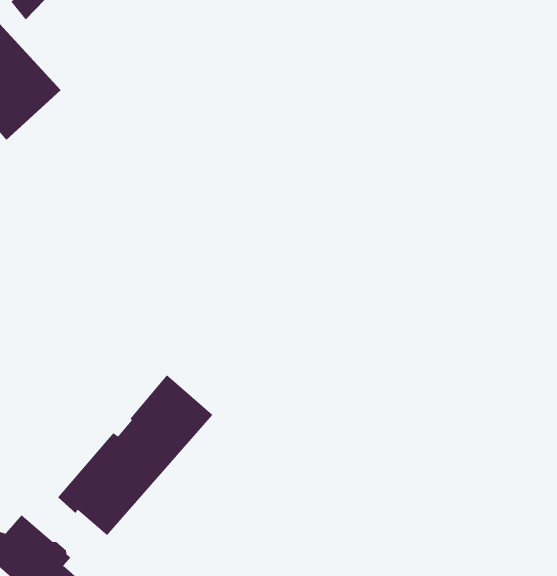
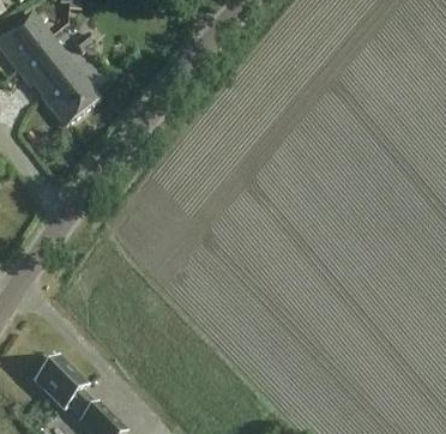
building: [57,374,214,536] -> none

